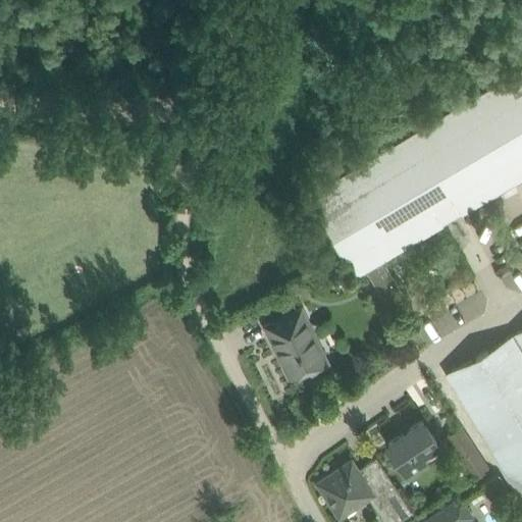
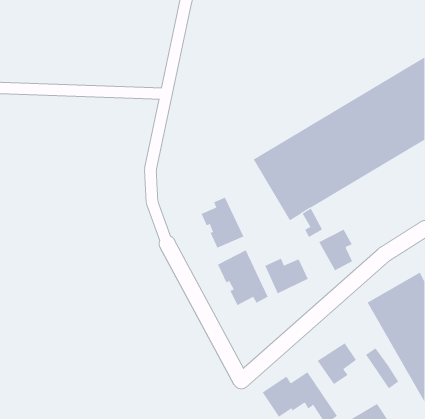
building: none -> [201,197,244,249]
building: none -> [319,229,353,271]
building: none -> [265,258,309,294]

